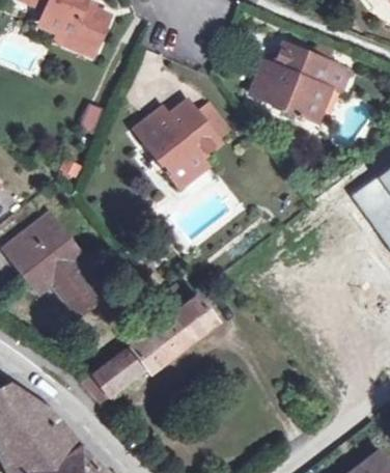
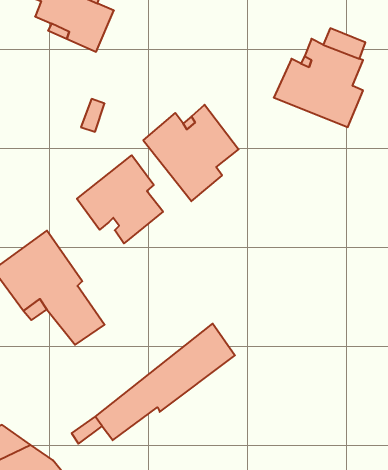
building: none -> [77,155,163,243]

